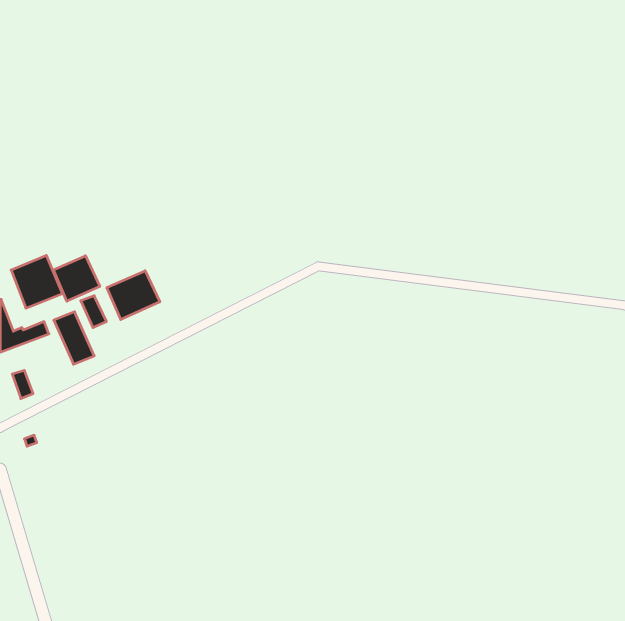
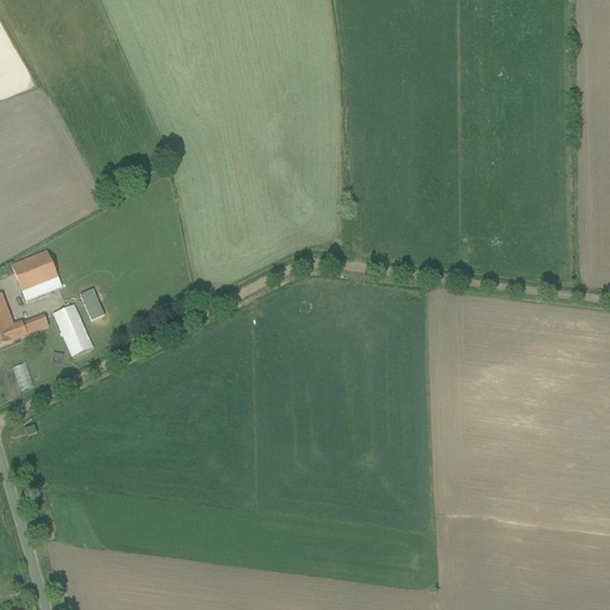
building: [53,256,100,301] -> none
building: [107,271,160,320] -> none

